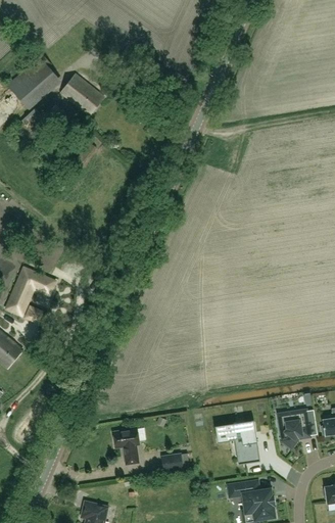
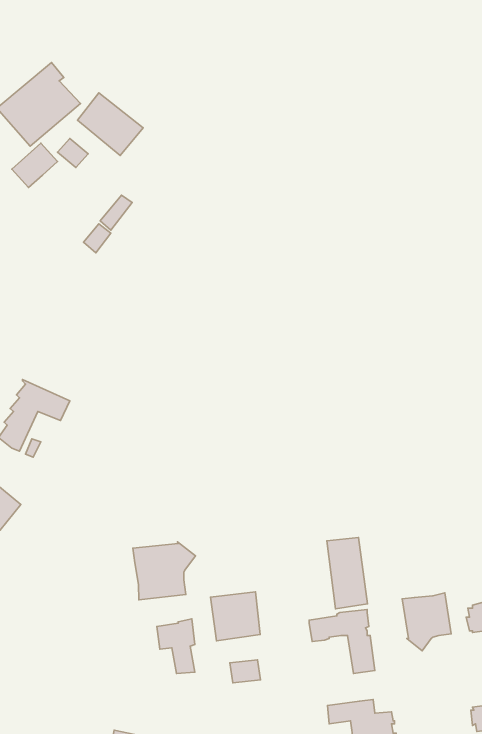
building: none -> [327,537,368,609]
building: none -> [133,542,196,600]
building: none -> [211,592,260,641]

